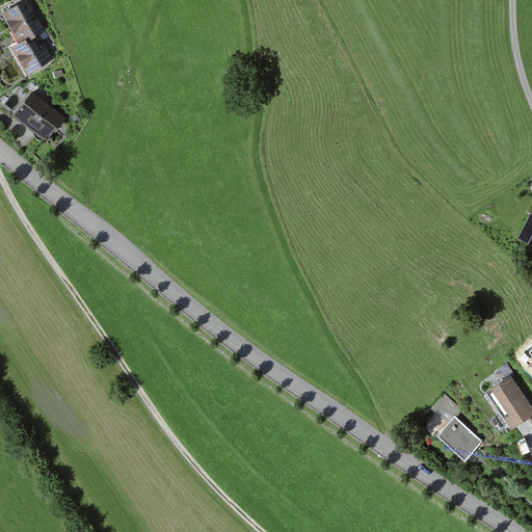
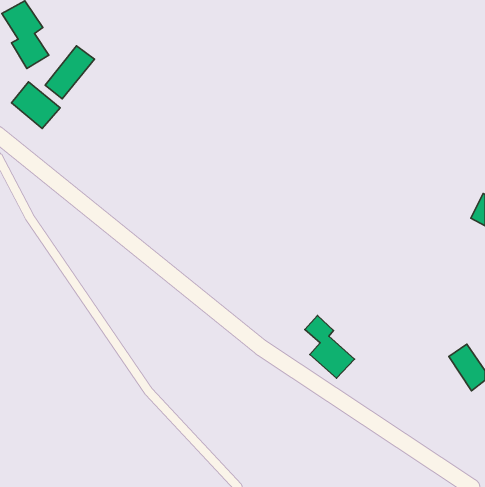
building: none -> [45,46,95,99]
building: [428,394,482,462] -> [305,315,355,378]

